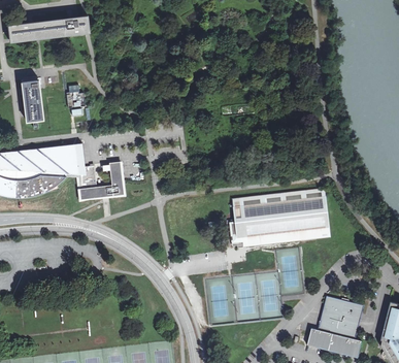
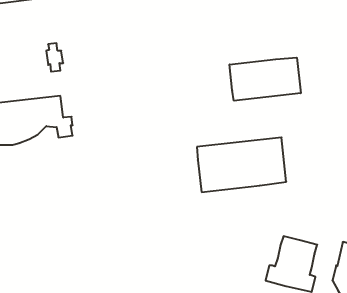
building: [22,79,42,121] -> none
building: none -> [230,58,301,101]
building: [79,161,124,198] -> none

